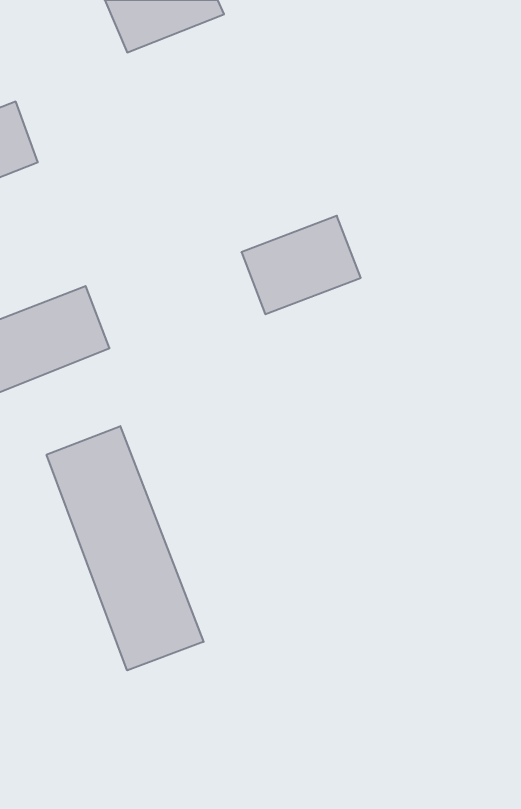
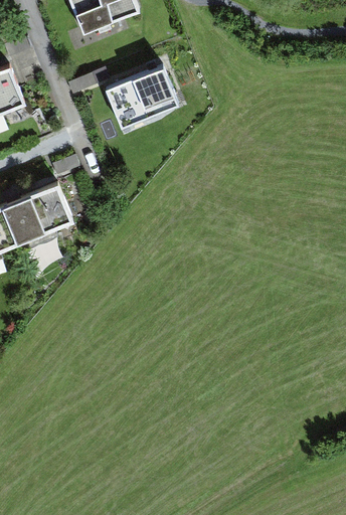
building: [241,216,361,314] -> [105,66,180,129]
building: [47,426,204,670] -> none

